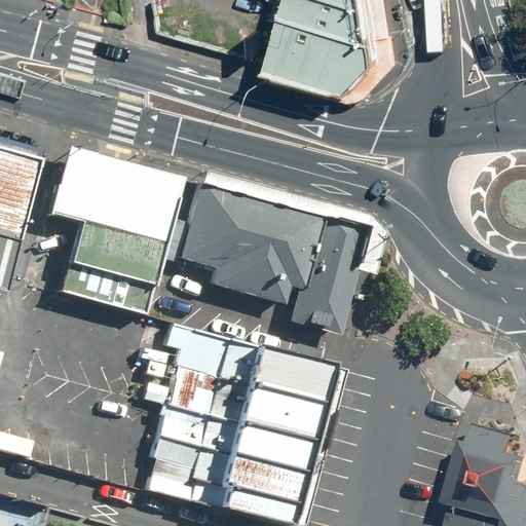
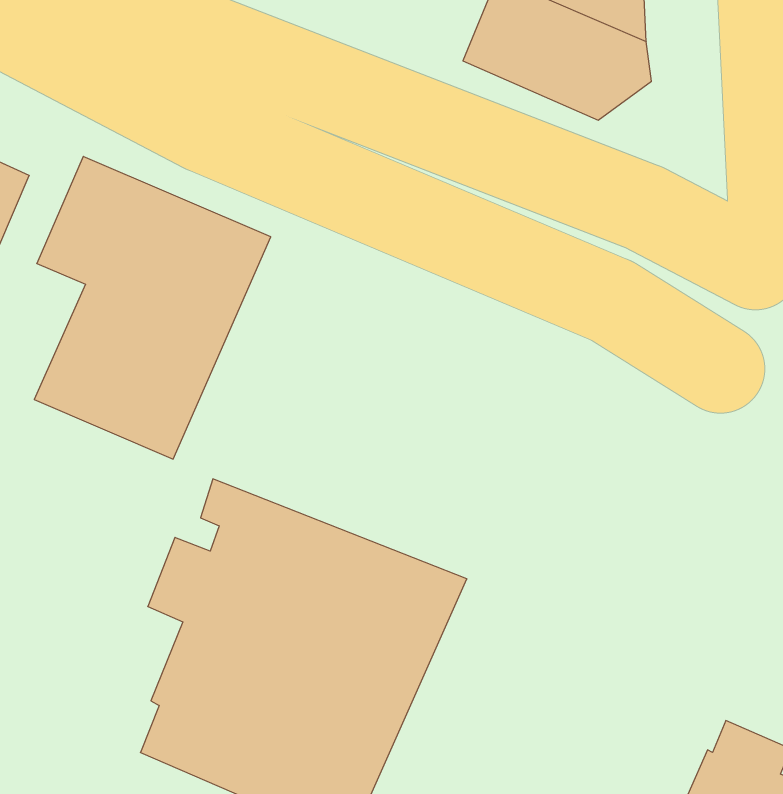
building: [182,183,363,334] -> none

